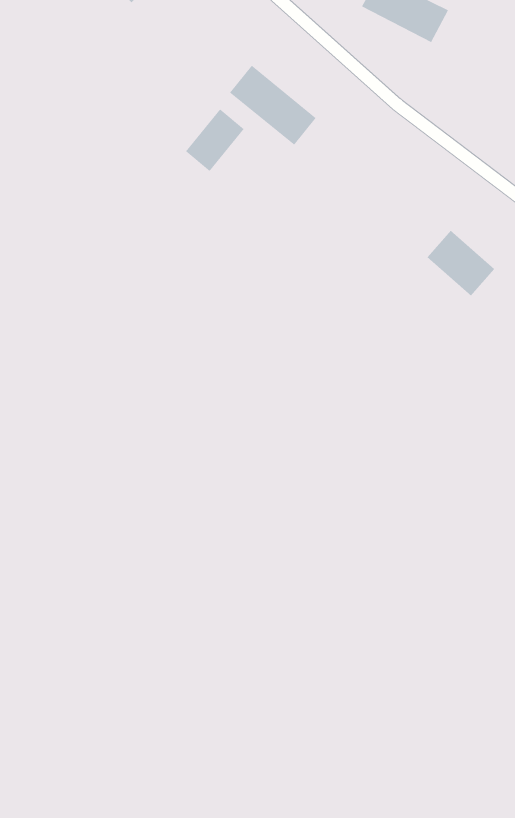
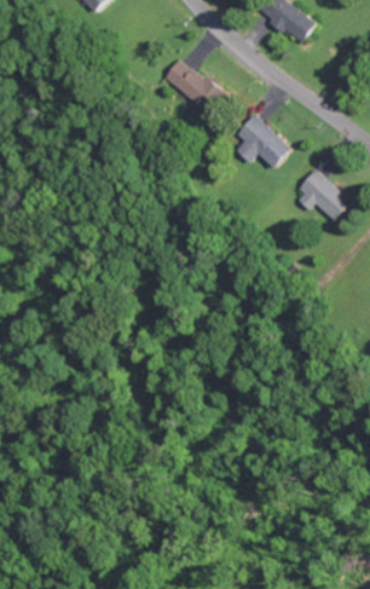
building: [185,109,245,172] -> none
building: none -> [233,114,293,169]

